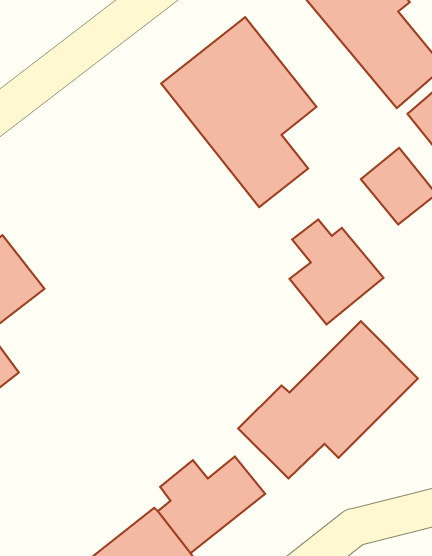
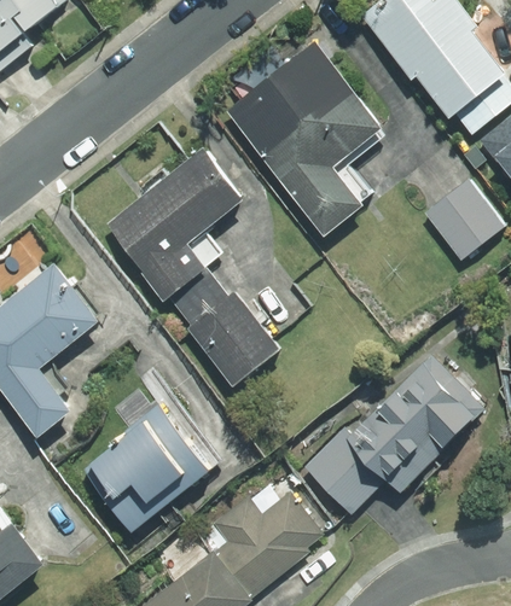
building: none -> [105,151,283,386]
building: [289,220,383,324] -> none
building: none -> [82,406,205,526]

